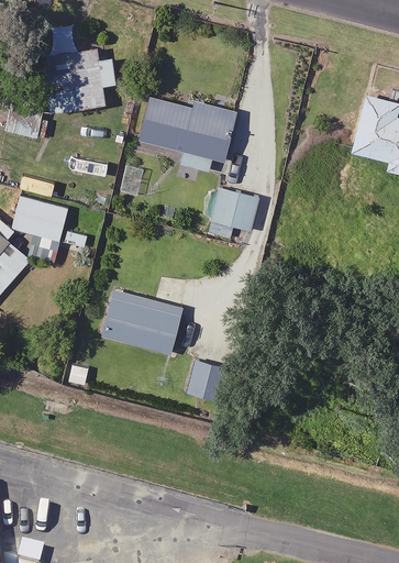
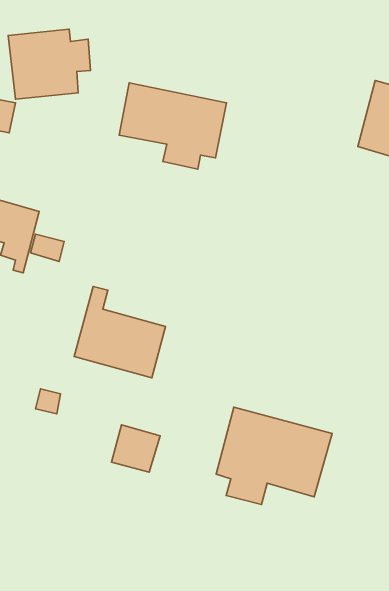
building: [209,189,259,240] -> none
building: [186,360,229,401] -> [112,425,160,472]
building: none -> [216,407,332,504]

